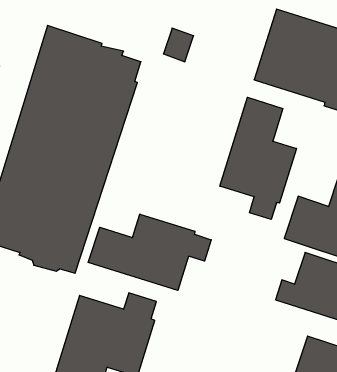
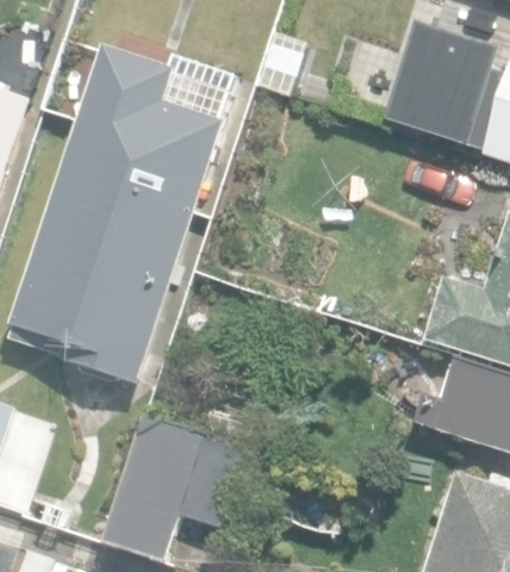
building: [220,97,296,219] -> none
building: [88,214,211,290] -> none

